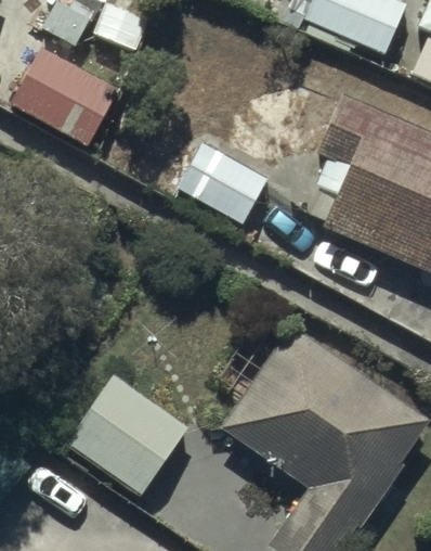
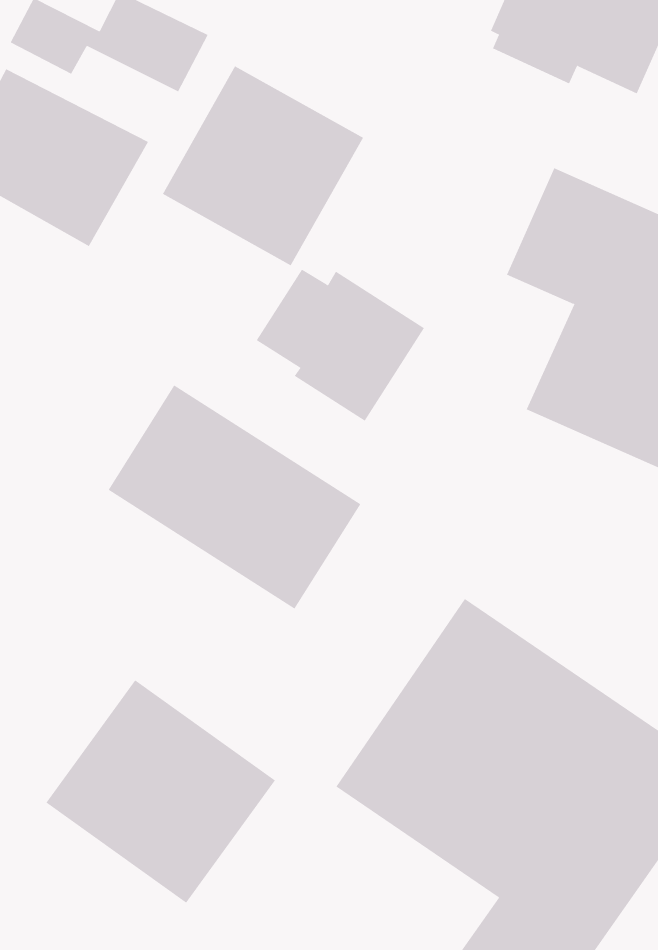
building: none -> [162,65,364,266]
building: none -> [108,384,361,610]

